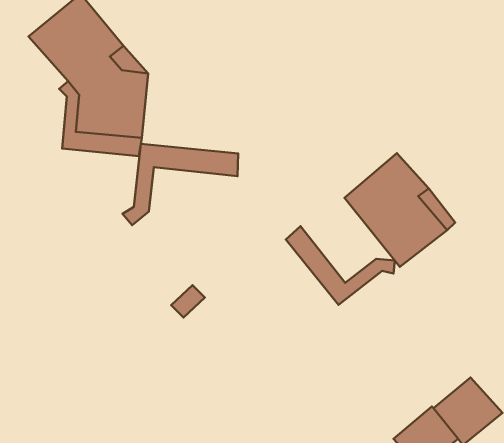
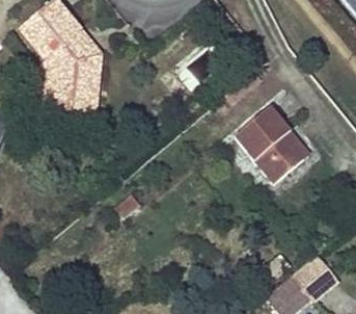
building: [122,144,238,225] -> none
building: [286,226,395,305] -> none

